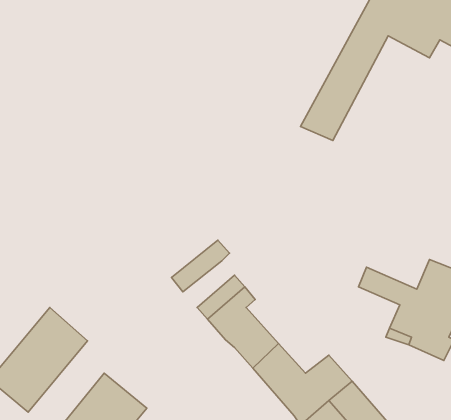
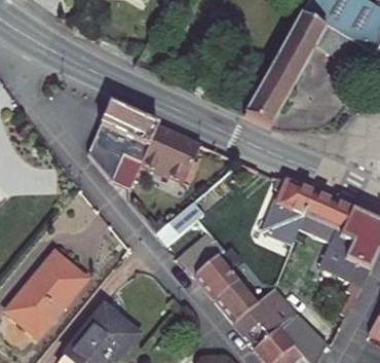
building: none -> [88,106,200,186]
building: none -> [271,181,357,245]

